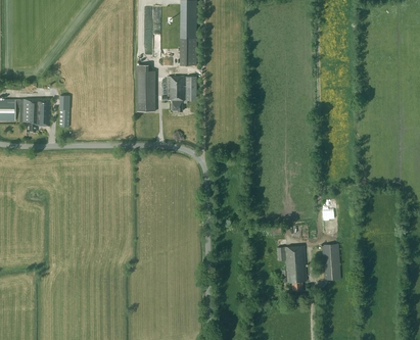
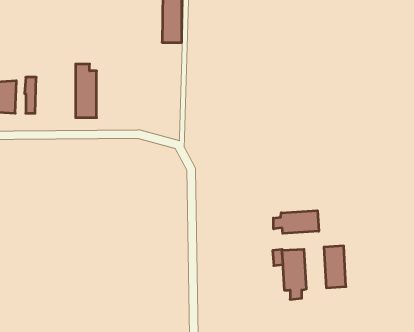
building: [136,64,154,111] -> [76,64,97,118]
building: [161,76,196,110] -> none
building: none -> [273,211,319,233]

